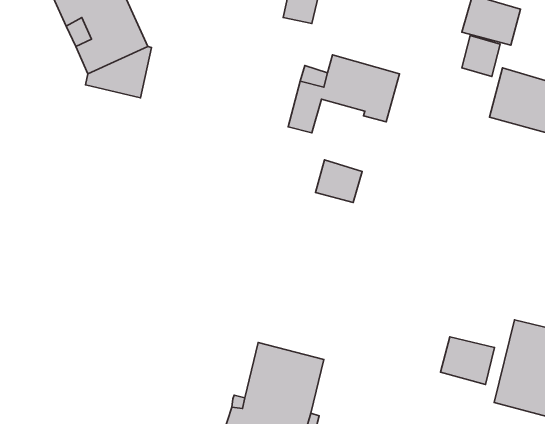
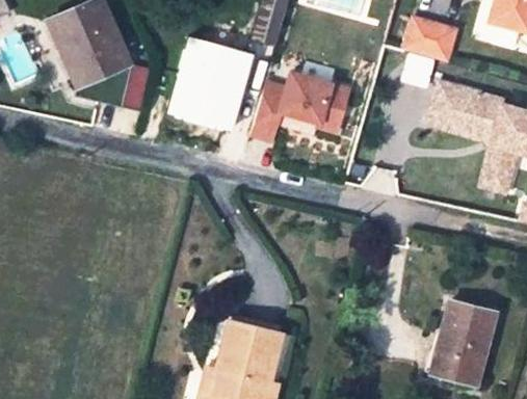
building: none -> [170,36,251,128]
building: [316,160,362,203] -> none
building: [440,337,495,384] -> none

